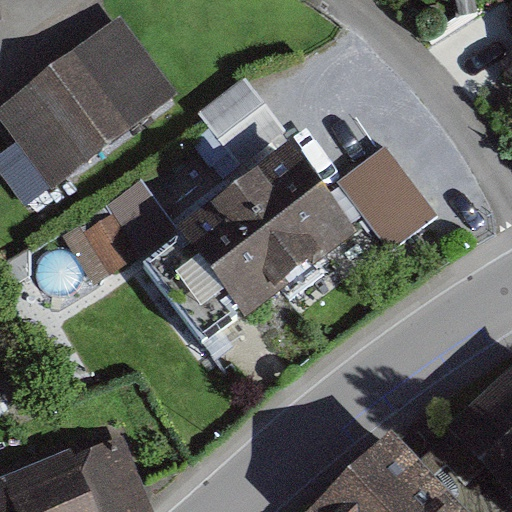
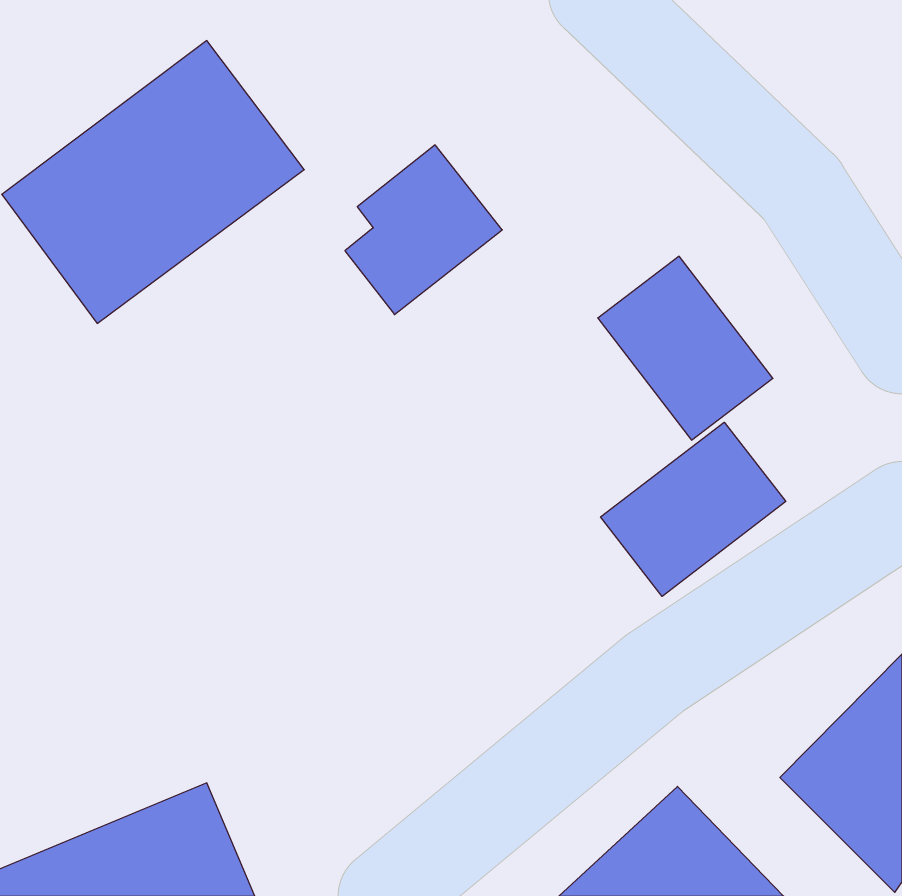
building: [145,157,348,342] -> none
building: [64,181,172,280] -> none
building: none -> [601,422,786,596]

